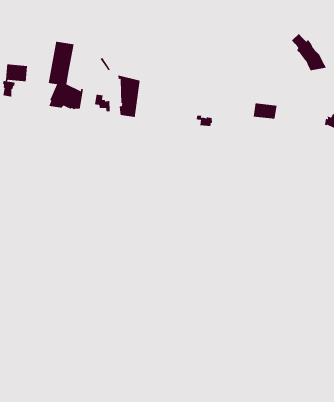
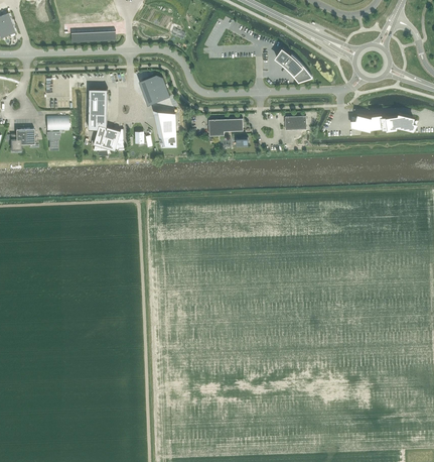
building: [291,33,327,71] -> [275,49,312,83]
building: none -> [141,75,169,104]
building: none -> [207,118,242,136]

